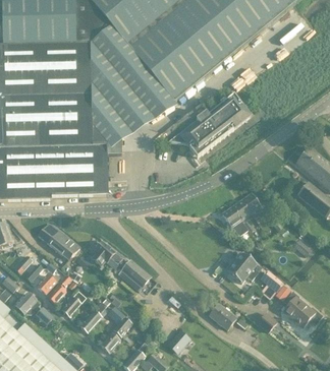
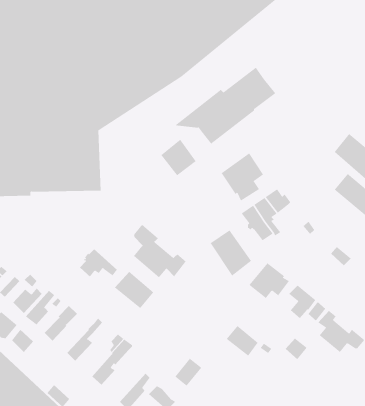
building: none -> [161,139,196,176]
building: none -> [221,153,264,201]
building: none -> [133,224,187,278]
building: [37,222,77,258] -> none
building: none -> [210,229,252,276]

